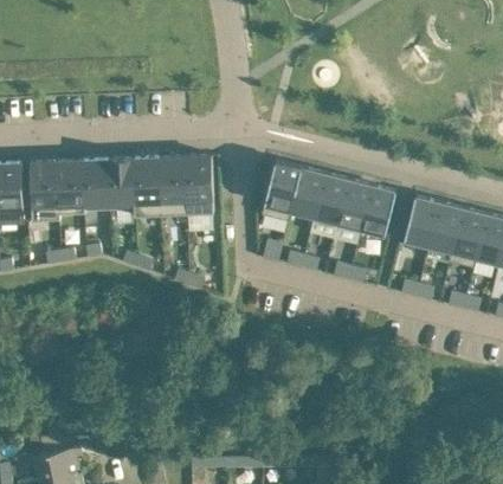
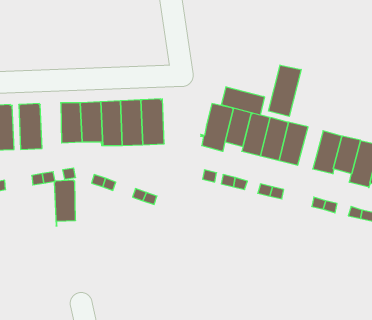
building: none -> [269,65,301,116]
building: none -> [221,87,265,115]
building: [57,160,84,218] -> [54,180,76,226]

